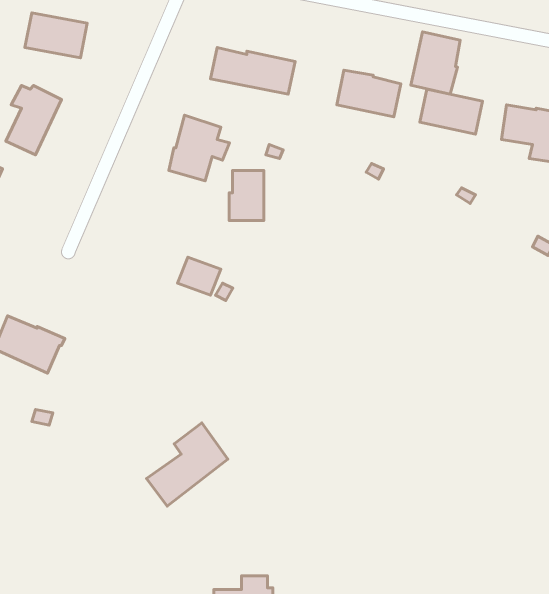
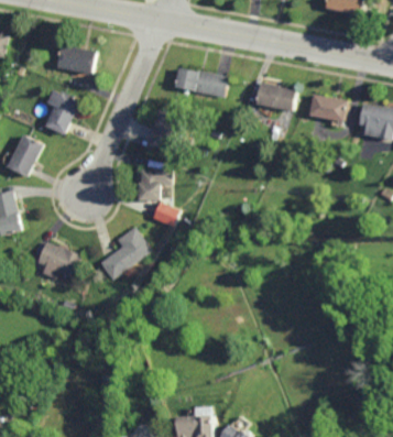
building: [411,32,460,94] -> none
building: [229,170,264,221] -> [138,171,160,203]
building: [147,423,228,506] -> [99,225,151,277]

